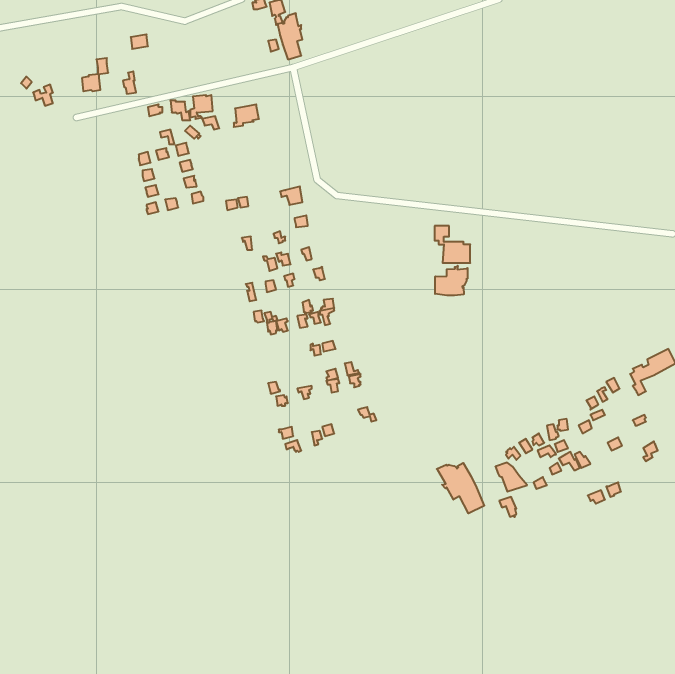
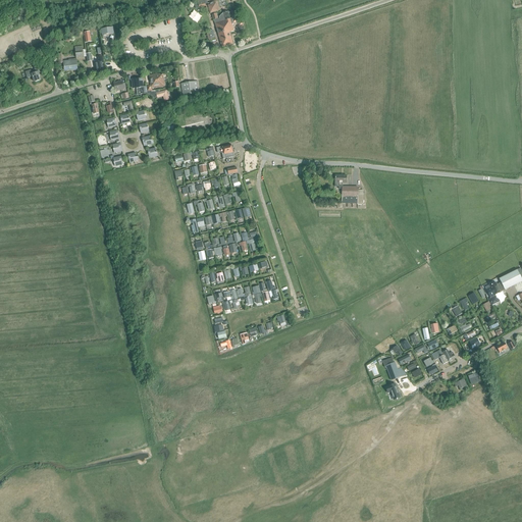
building: [435,266,468,295] -> none
building: [437,463,484,513] -> none

